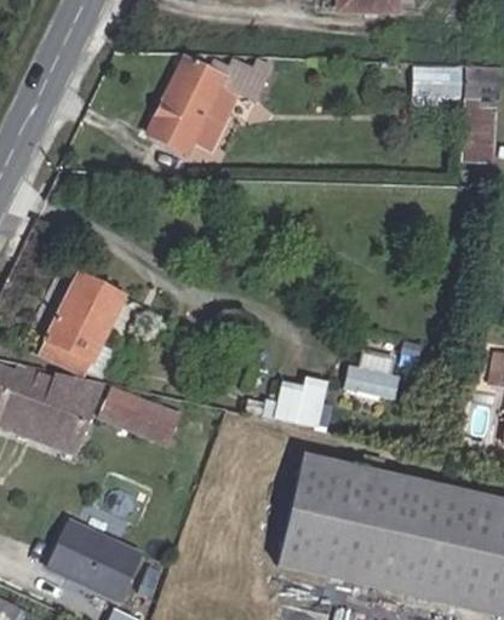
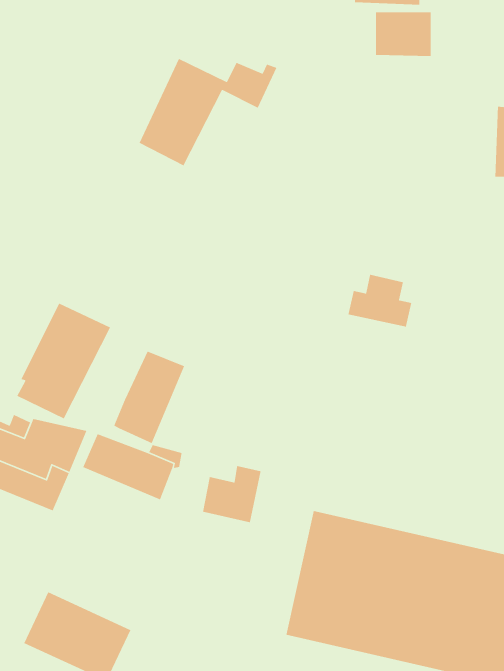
building: [411,62,460,102] -> [375,12,432,57]
building: none -> [113,350,185,444]
building: [344,350,401,397] -> [348,274,412,327]
building: [274,377,326,427] -> [202,465,261,523]

